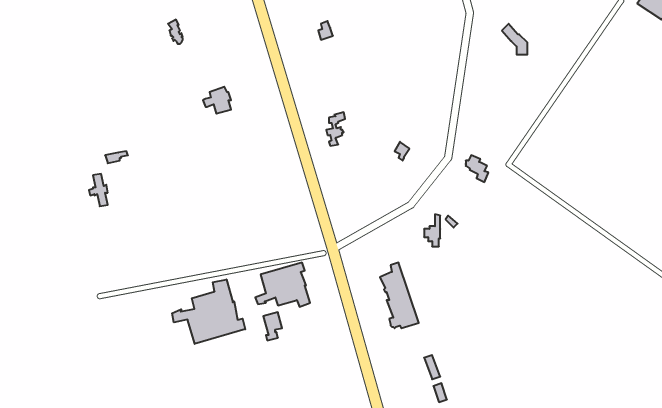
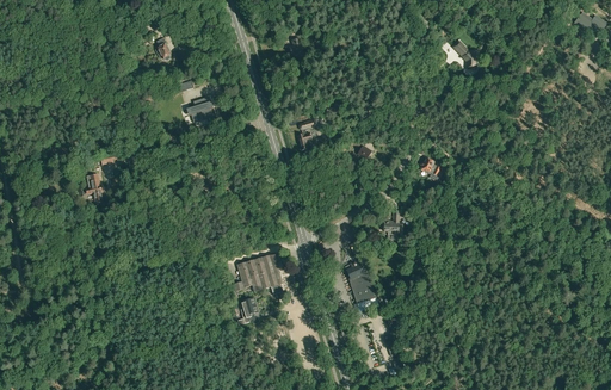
building: [172,279,245,344] -> none

